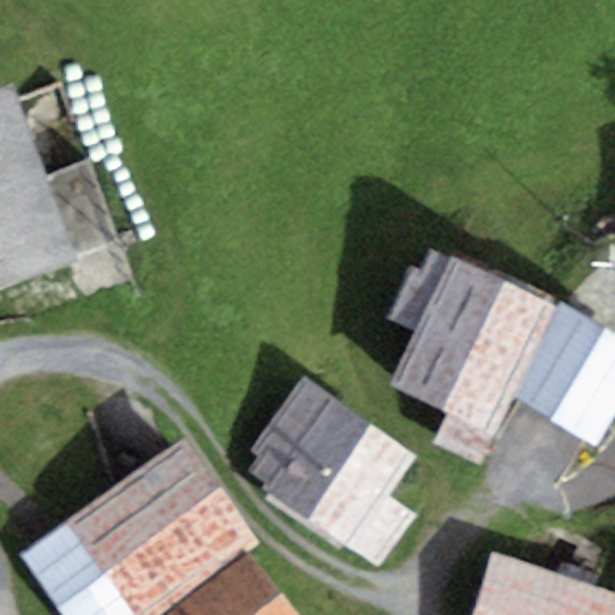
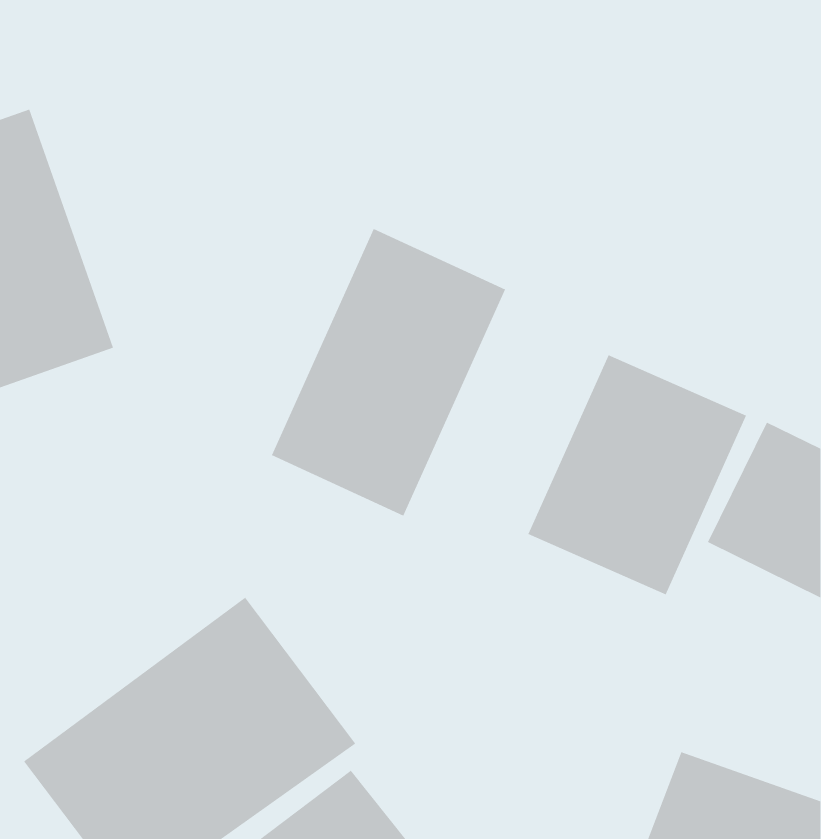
building: none -> [271,228,506,516]
building: [241,378,414,567] -> none

